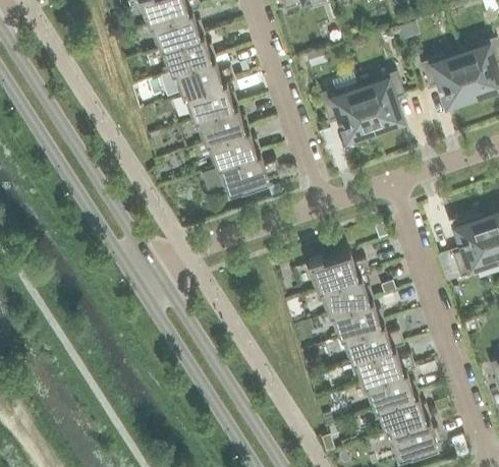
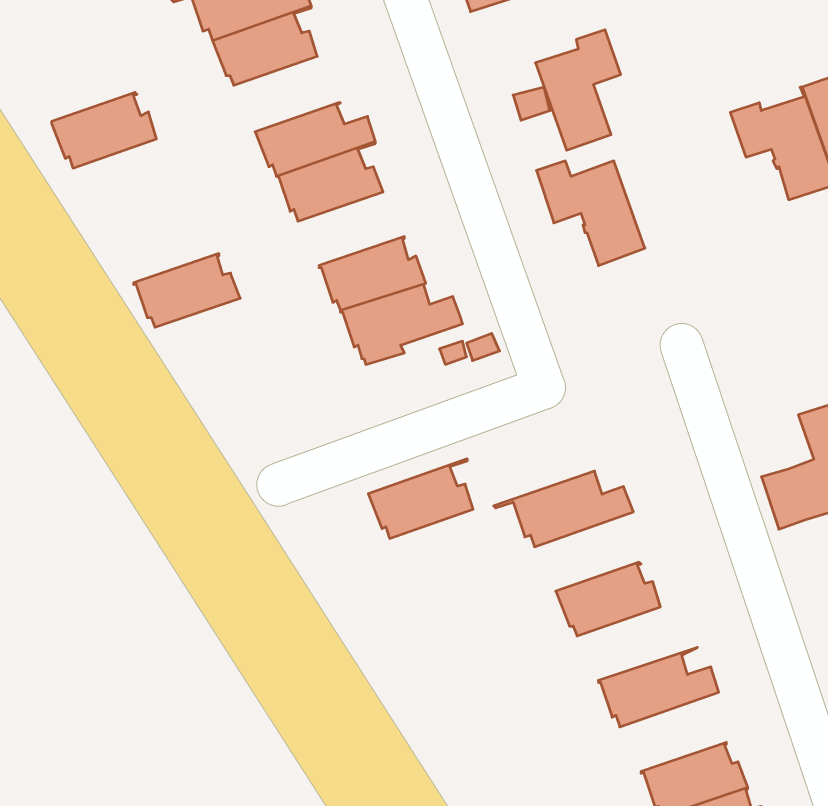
building: [160,34,215,73] -> [52,92,156,168]
building: [359,71,404,134] -> [535,30,621,150]
building: [193,105,250,143] -> [134,254,240,327]
building: [318,273,373,314] -> [368,459,473,538]
building: [340,323,403,361] -> none
building: [363,367,419,409] -> none

